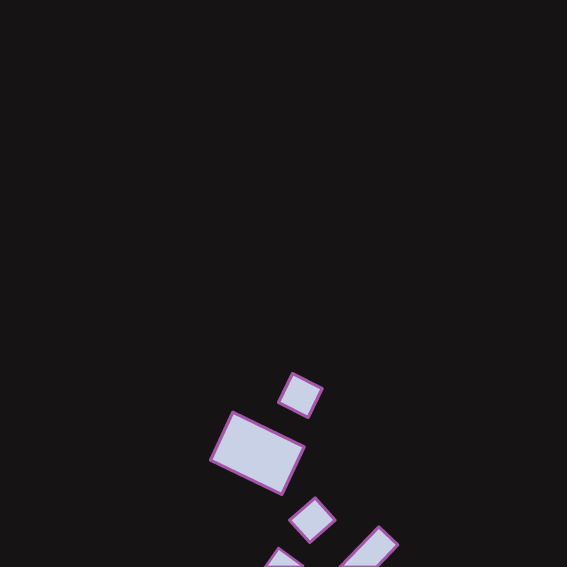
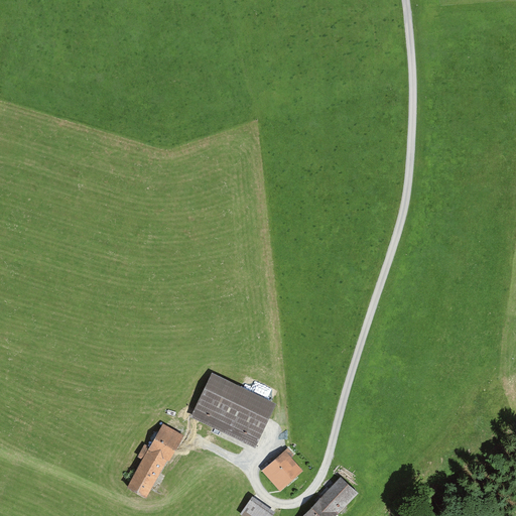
building: [278,374,322,418] -> none
building: none -> [126,422,182,496]

